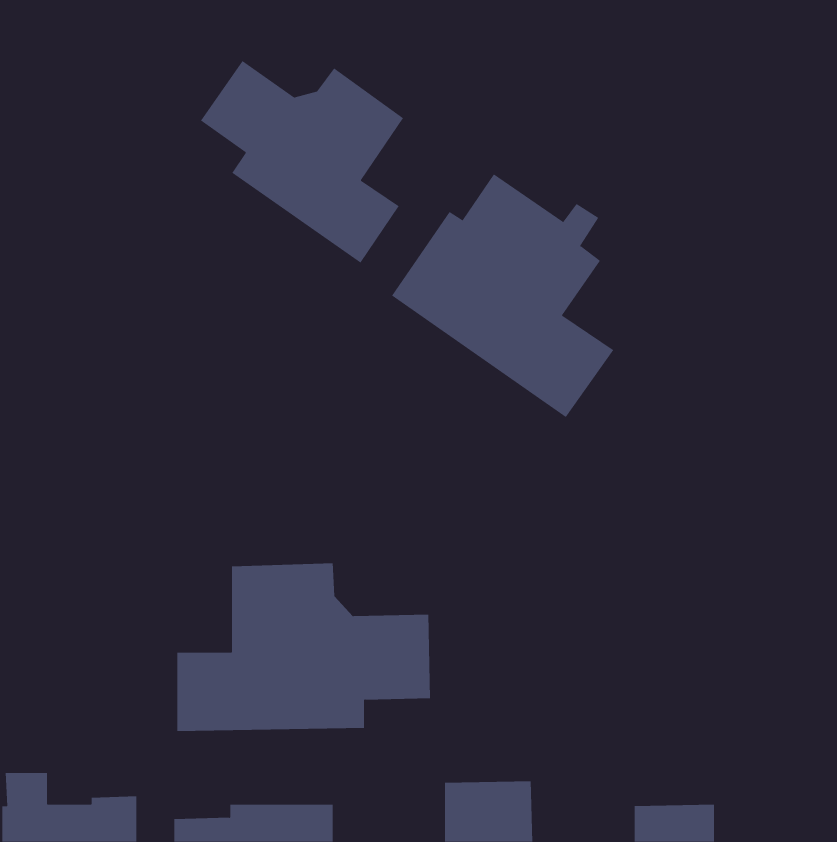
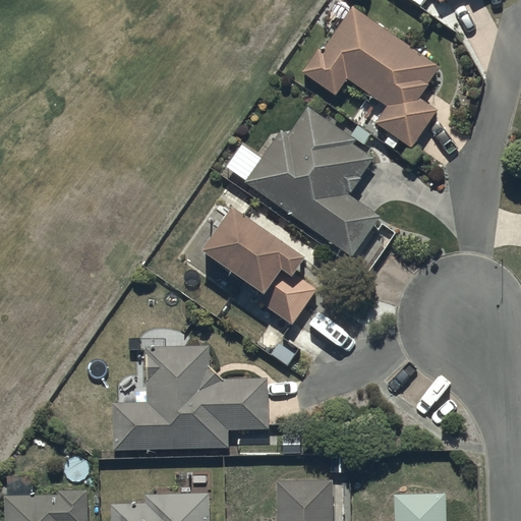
building: none -> [300,6,441,150]
building: [200,60,404,263] -> none
building: none -> [199,210,317,326]

